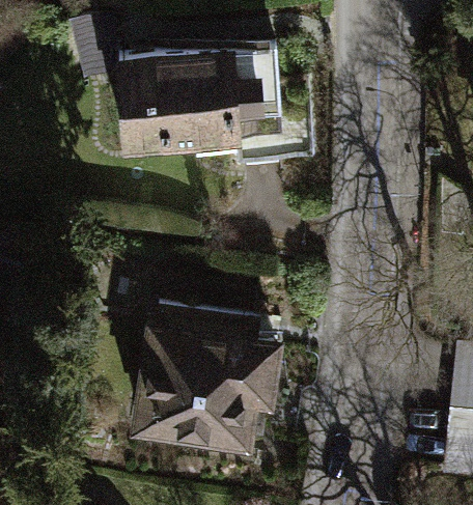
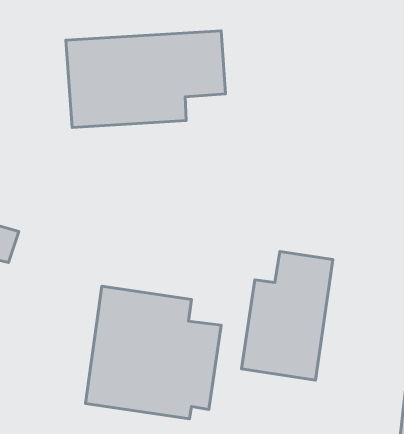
building: none -> [242,251,333,380]

